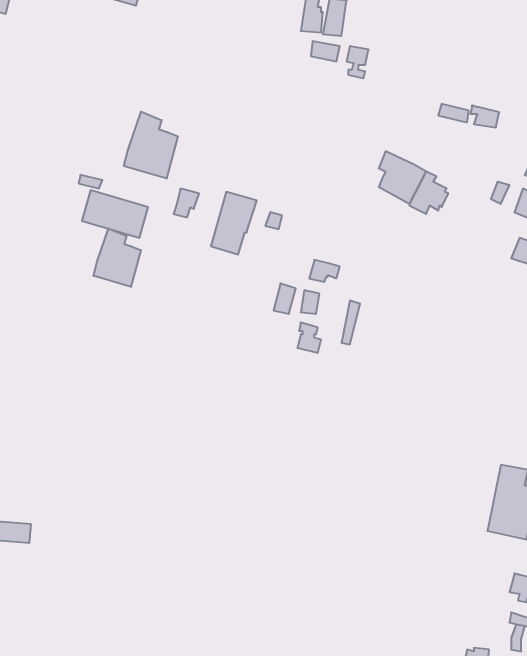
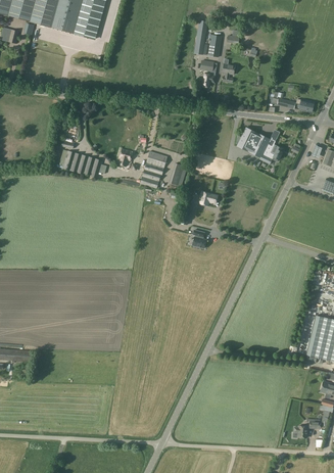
building: [124,112,178,179] -> none
building: [93,228,141,287] -> none

